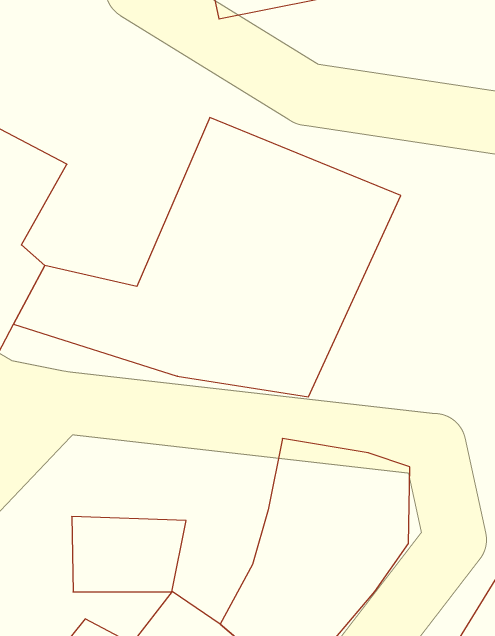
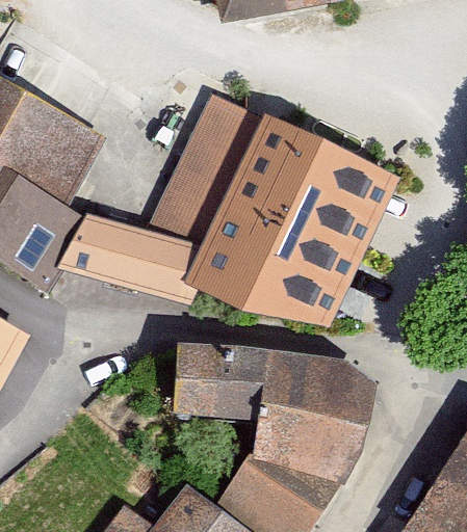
building: [72,517,186,592] -> [182,352,274,413]

